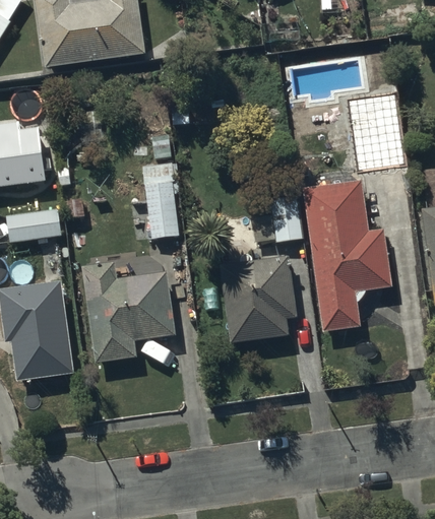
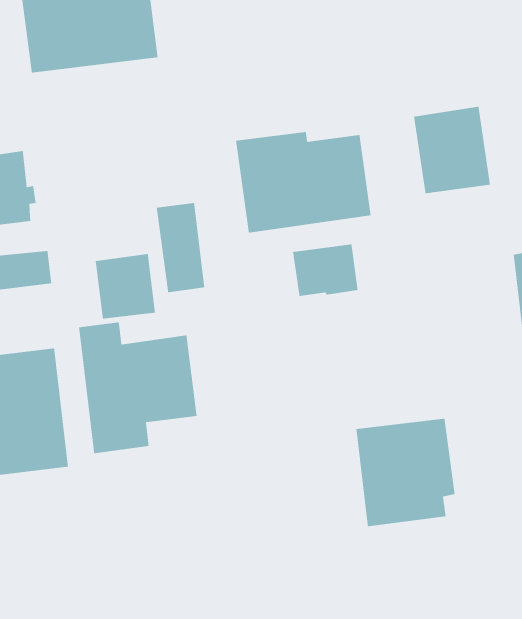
building: none -> [235,131,372,234]
building: [302,179,391,330] -> none
building: none -> [95,253,156,320]
building: [219,257,297,342] -> [356,418,455,527]

